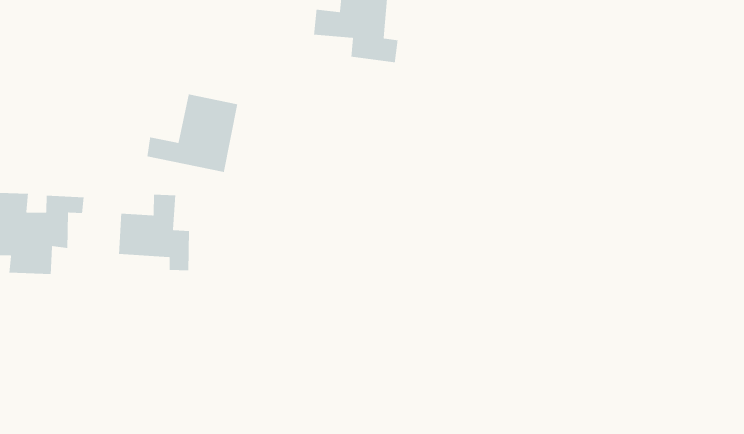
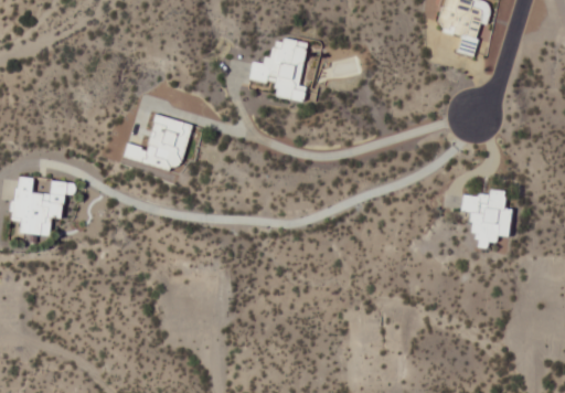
building: none -> [462,189,510,246]
building: [118,194,190,271] -> none

